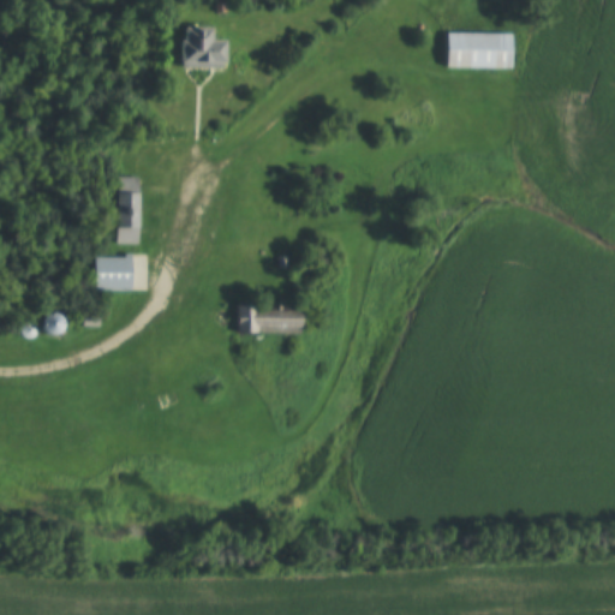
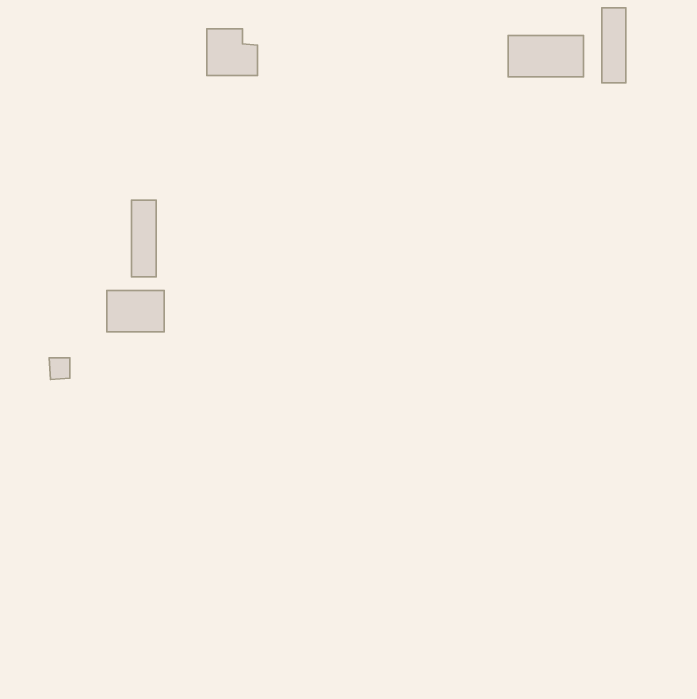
building: none -> [602,8,626,83]
building: [238,304,305,333] -> none

